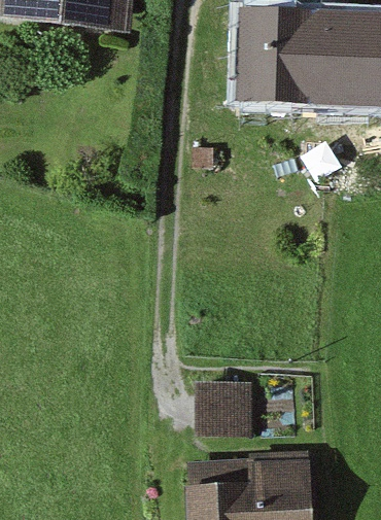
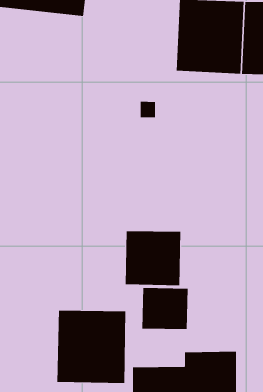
building: none -> [125,230,181,286]
building: none -> [57,310,126,384]

